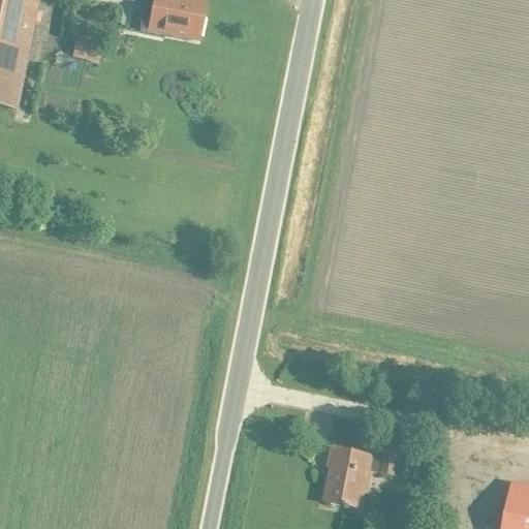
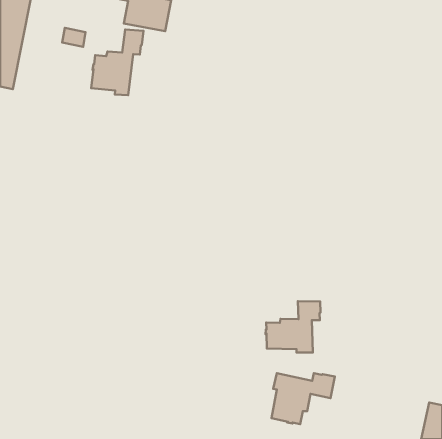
building: none -> [91,30,143,95]
building: none -> [266,301,321,352]

